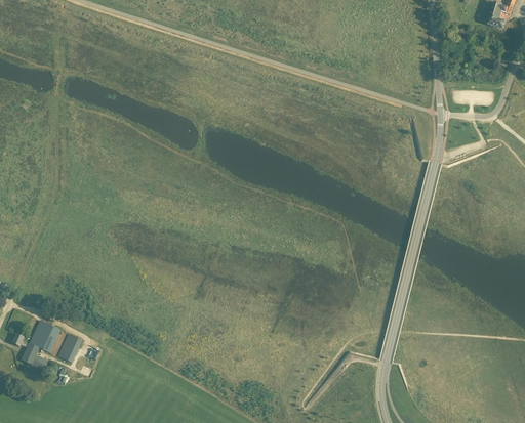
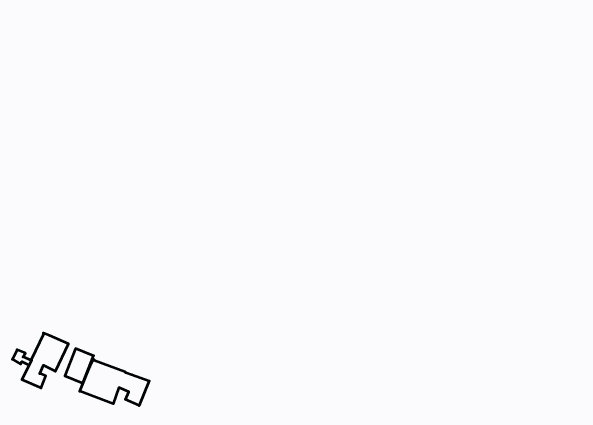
building: none -> [80,359,149,406]

